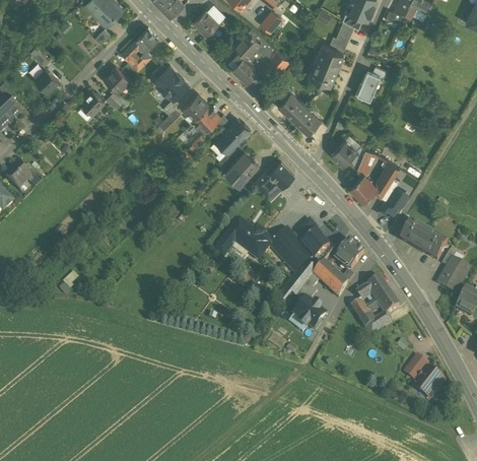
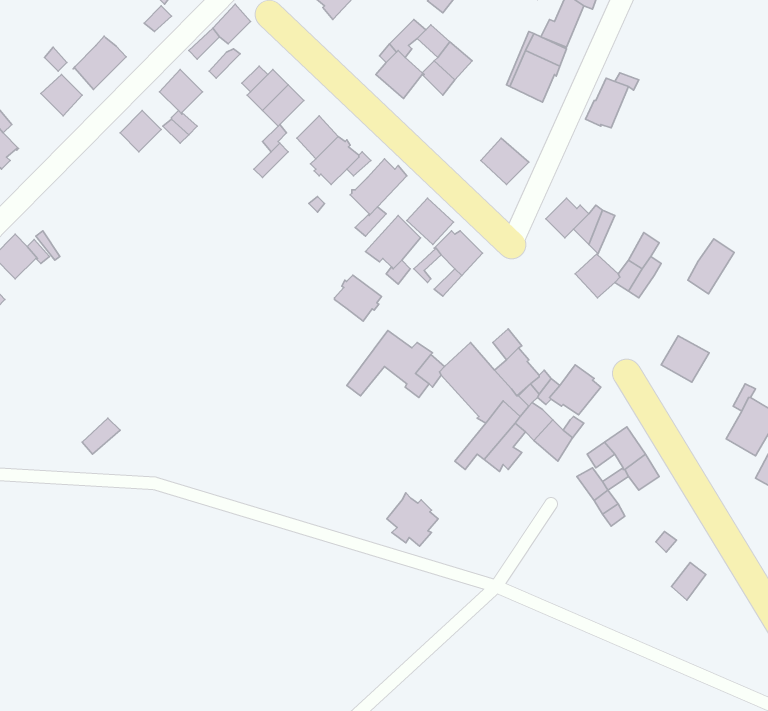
building: none -> [73,36,126,90]
building: [278,91,305,119] -> [407,198,453,245]
building: none -> [334,275,382,321]
building: [381,187,408,219] -> [688,239,734,294]
building: [418,233,447,261] -> none
building: [295,299,326,330] -> [387,493,438,546]
building: [414,369,442,398] -> none

